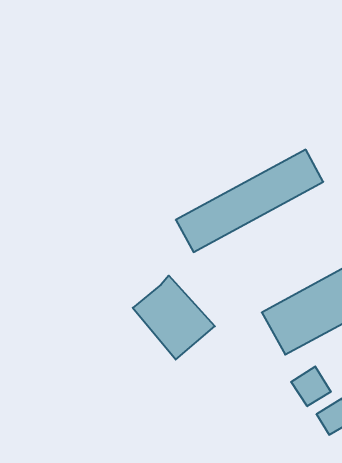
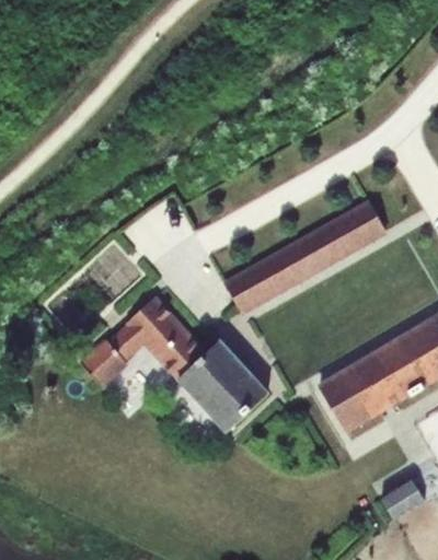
building: none -> [81,294,207,384]
building: [291,366,331,406] -> none

